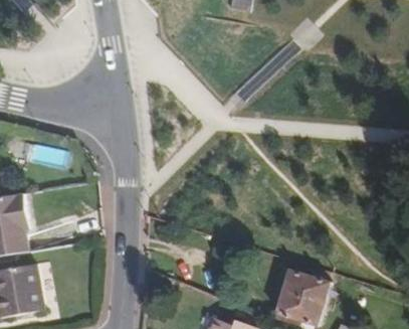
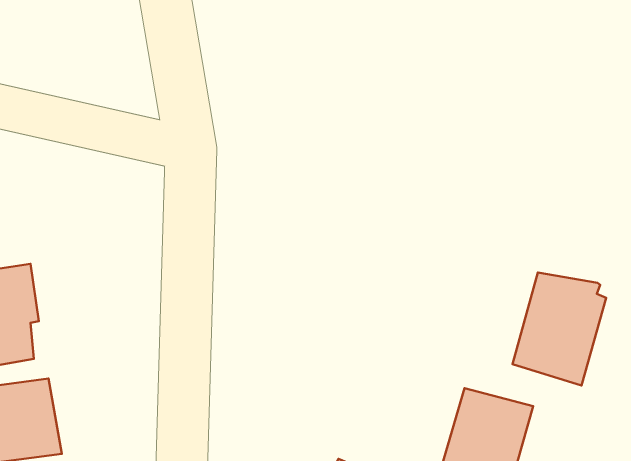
building: none -> [513,273,606,385]

